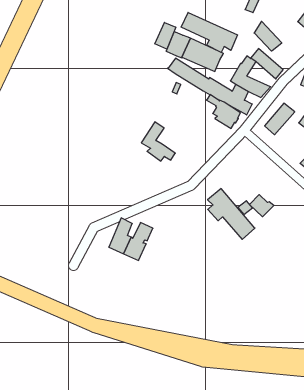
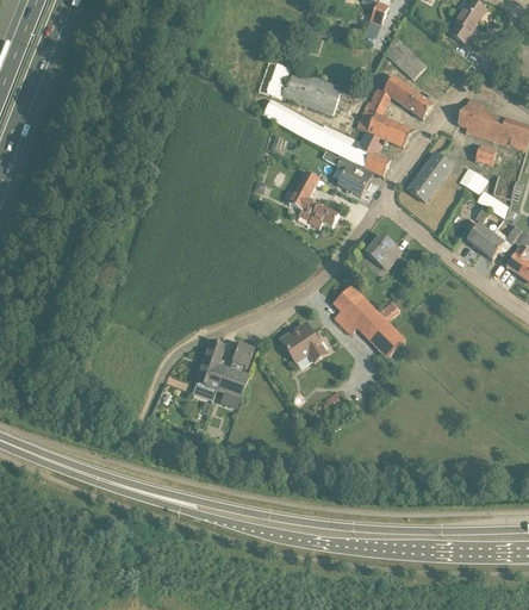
building: [181,12,238,52] -> none
building: [155,22,176,49] -> none
building: [141,122,175,161] -> [287,170,338,228]
building: [250,195,274,217] -> [366,237,402,269]
building: none -> [280,325,328,362]

